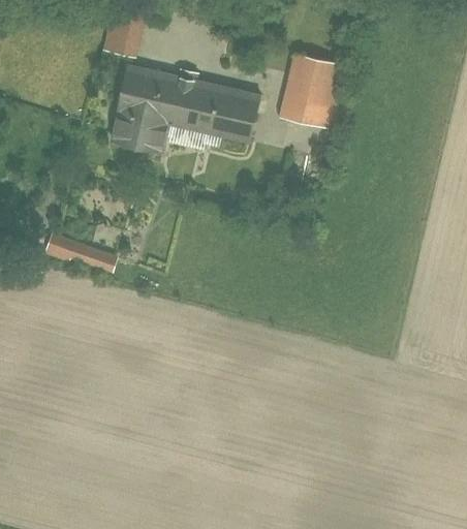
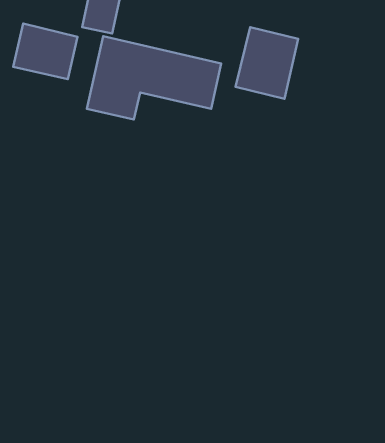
building: none -> [13,24,77,79]
building: [46,232,118,274] -> none

